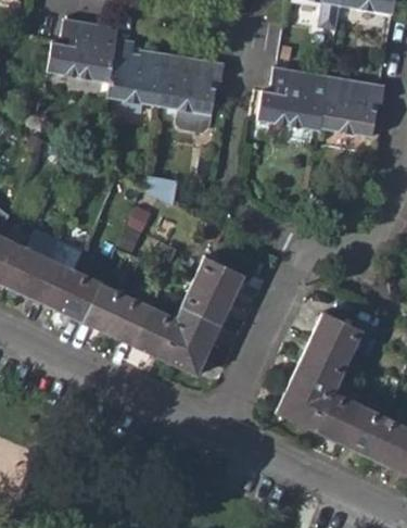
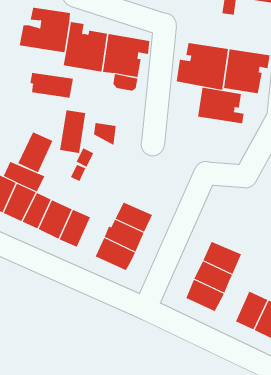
building: none -> [30,72,74,99]
building: none -> [197,87,244,124]
building: none -> [60,110,86,154]
building: none -> [17,132,53,173]
building: [190,255,242,300] -> none
building: [128,303,170,356] -> none
building: [309,311,361,353] -> none
building: [315,390,360,444] -> none

